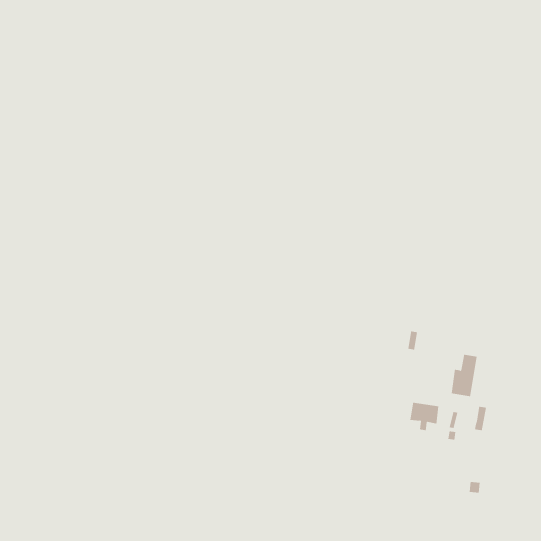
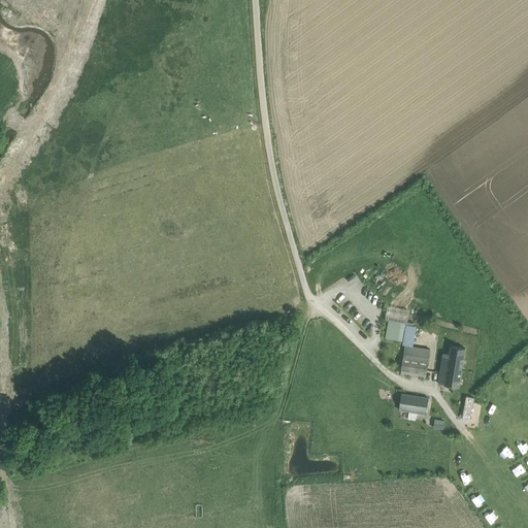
building: none -> [399,346,429,375]

